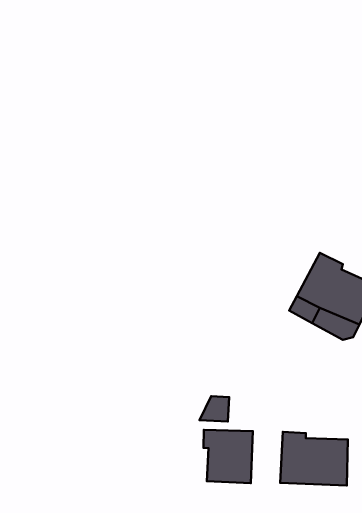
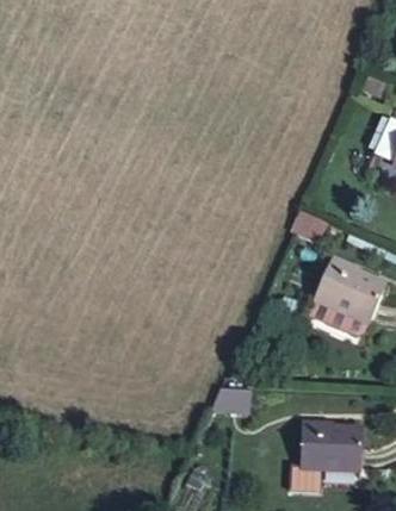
building: [204,430,253,483] -> none

